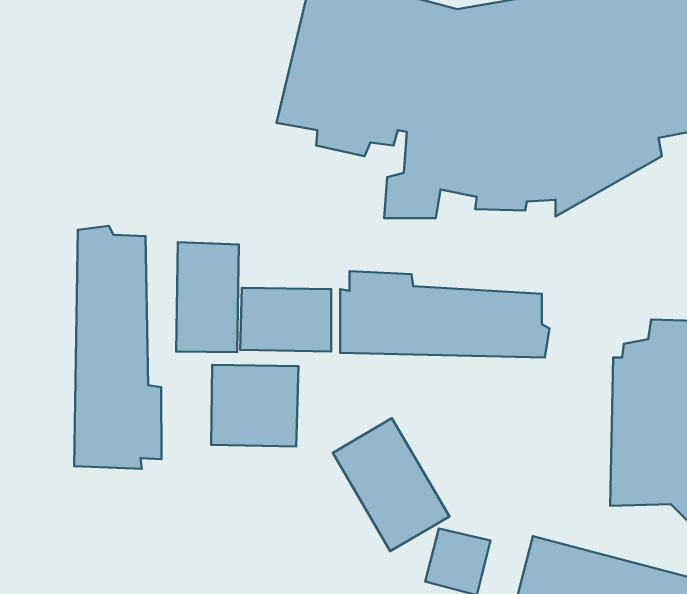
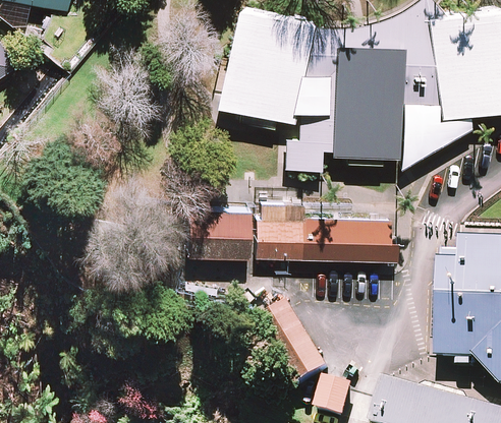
building: [74,226,162,469] -> none
building: [176,242,239,352] -> none
building: [211,365,298,446] -> none

